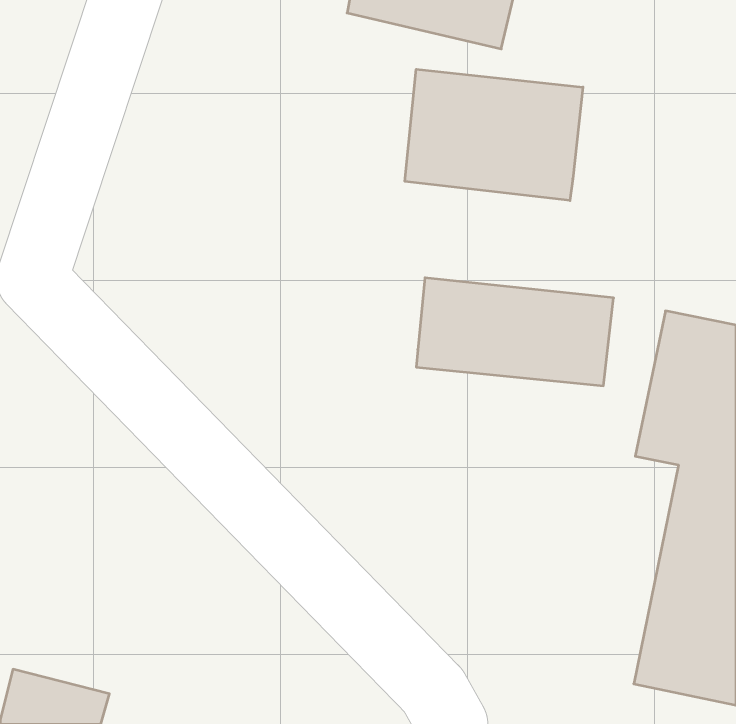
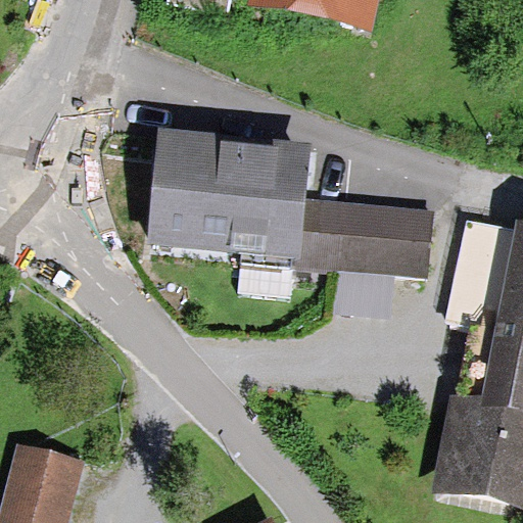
building: [405,69,583,201] -> none
building: none -> [156,144,305,248]

